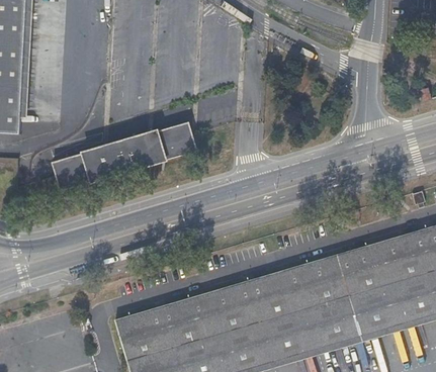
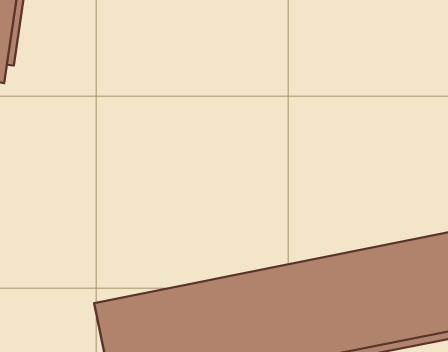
building: [52,123,196,192] -> none

